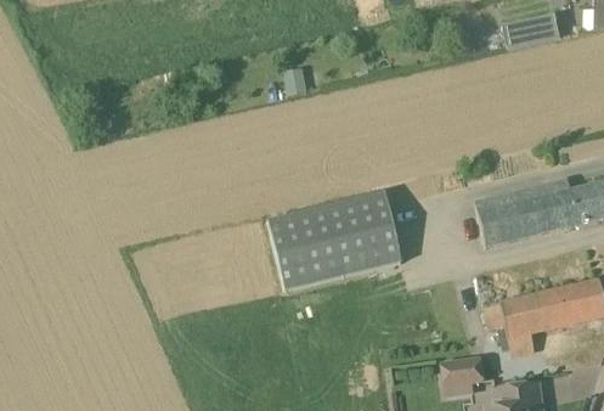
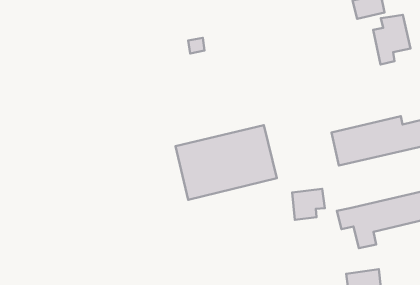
building: none -> [373,15,411,65]
building: [442,355,486,396] -> [292,189,325,220]

